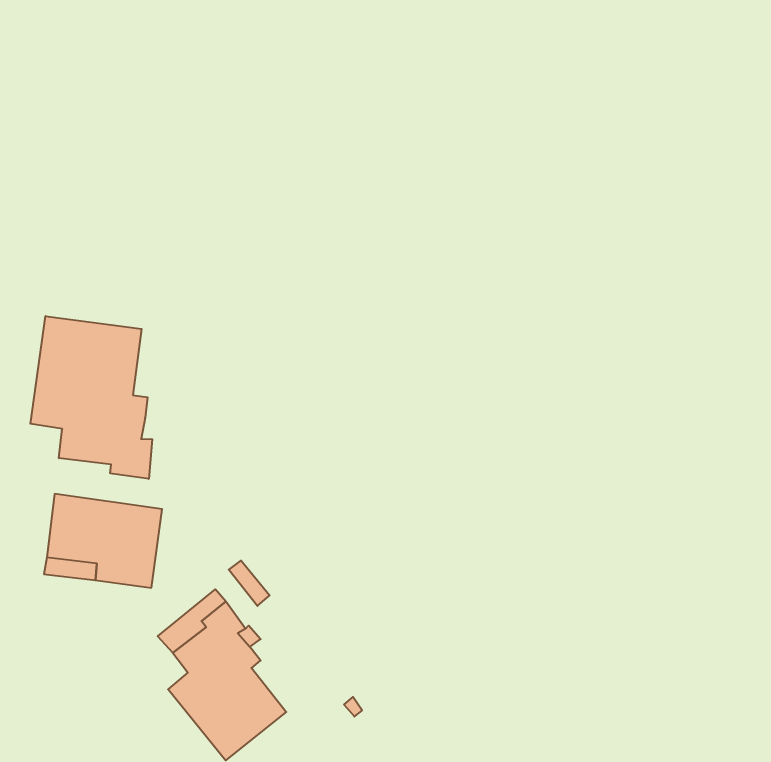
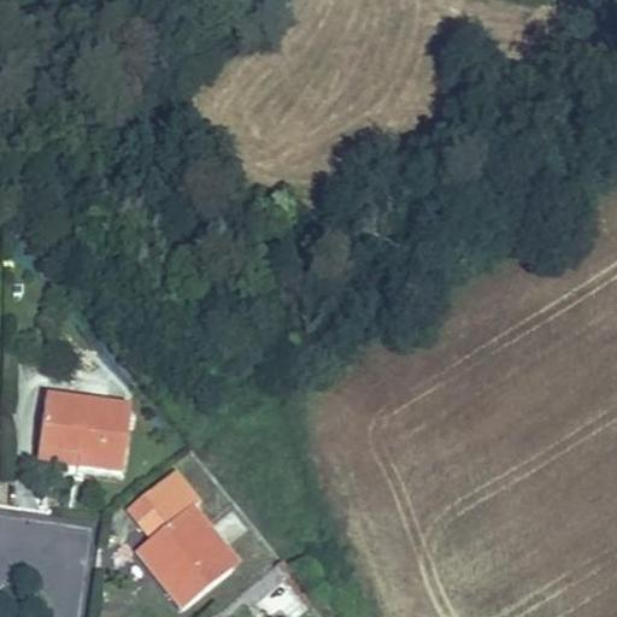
building: [30,316,152,479] -> none

